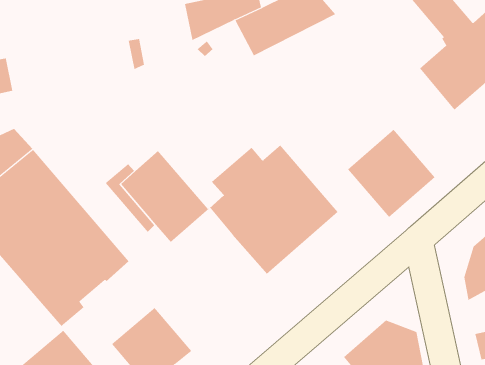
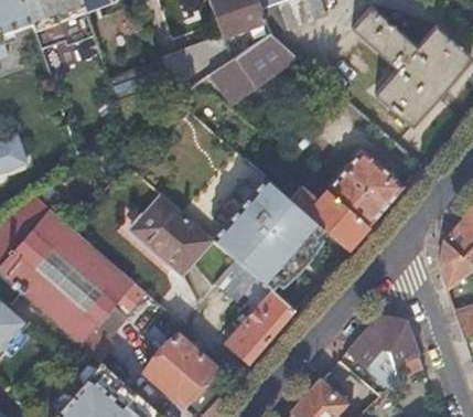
building: none -> [281,179,367,248]
building: none -> [215,260,293,364]

